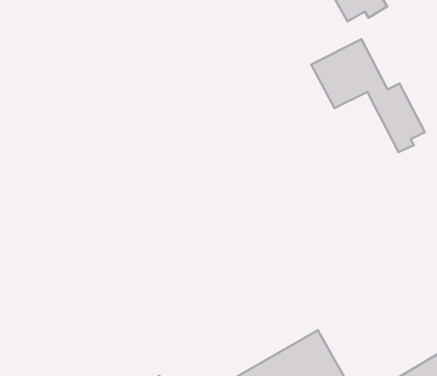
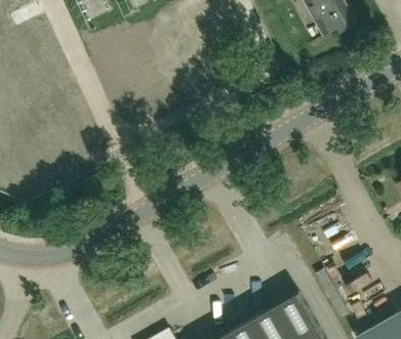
building: [311,39,425,152] -> none

